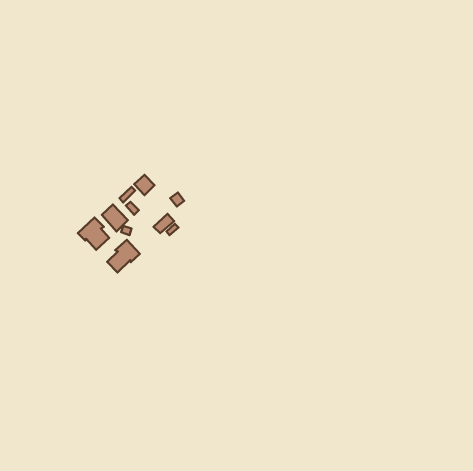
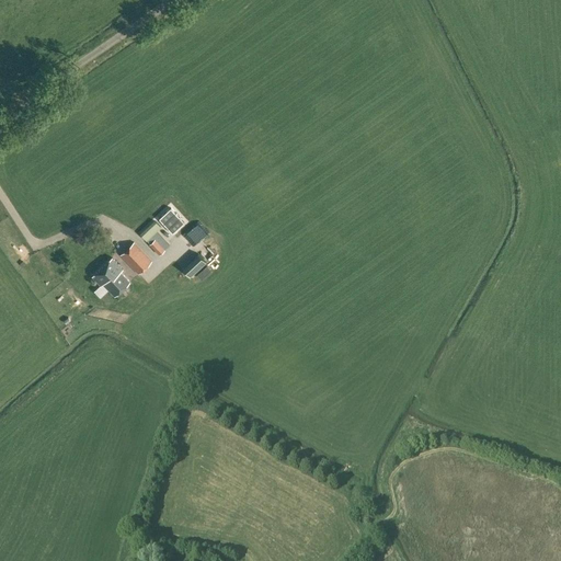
building: [107,240,140,273] -> none

